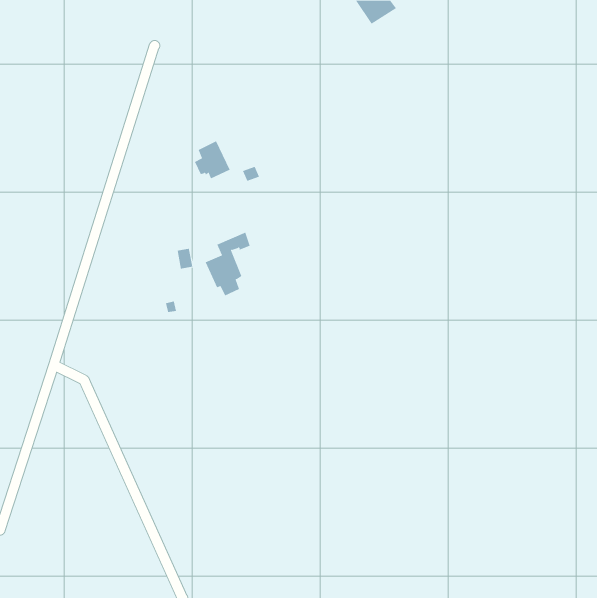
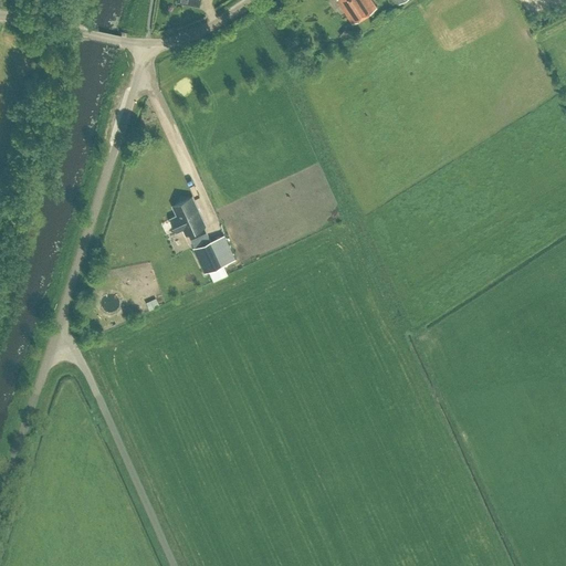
building: [194,141,231,179] -> [171,197,206,233]

